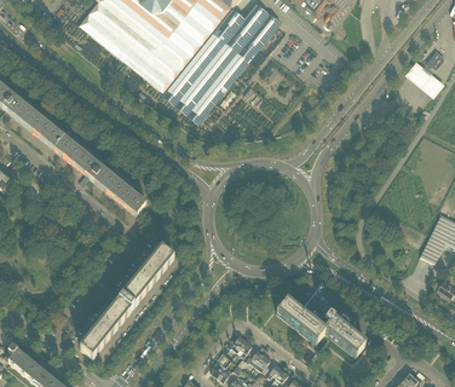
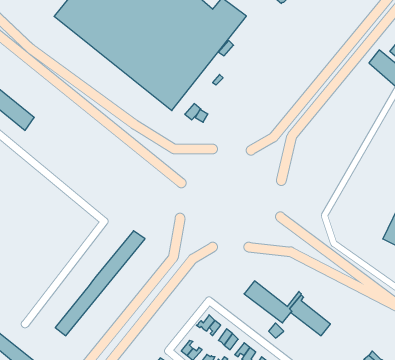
building: [47,129,145,214] -> none

